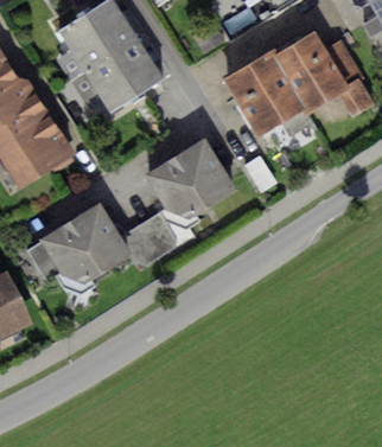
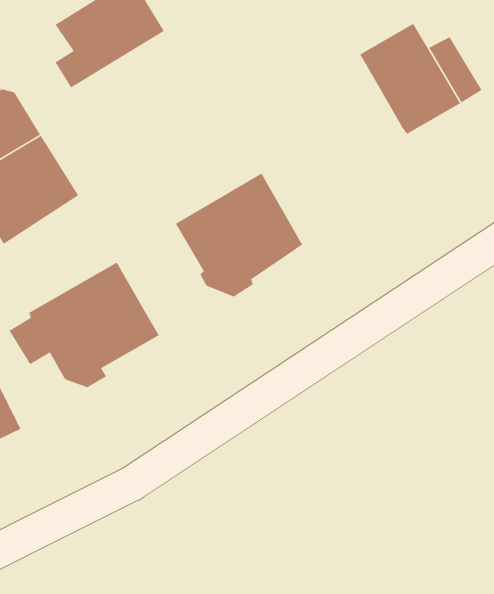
building: [69,36,165,111] -> none
building: [223,49,307,135] -> none
building: [121,211,176,264] -> none

